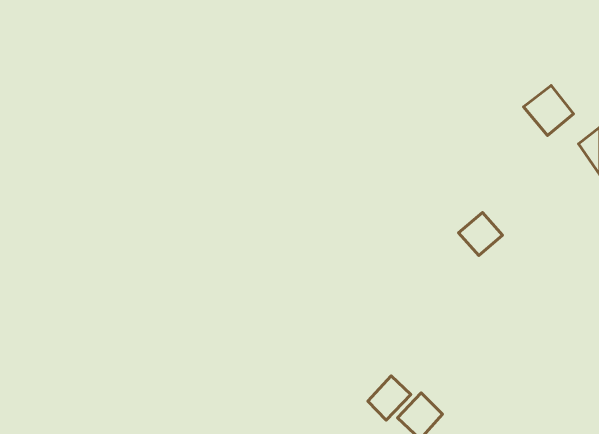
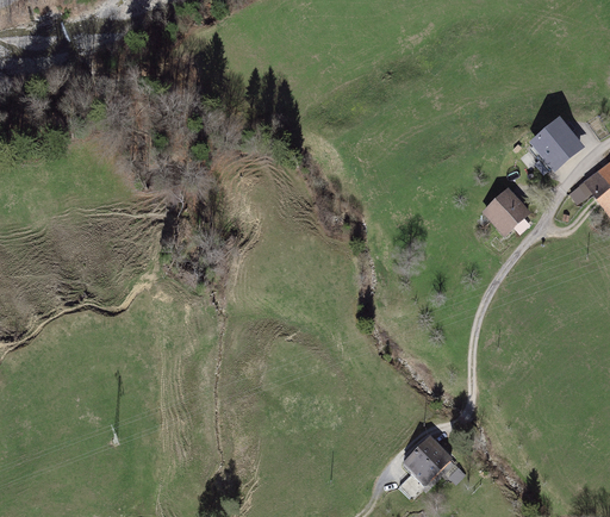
building: [459,213,503,255] -> [486,193,530,236]
building: [368,376,411,420] -> none

